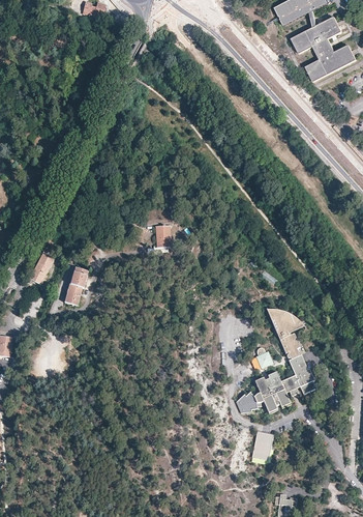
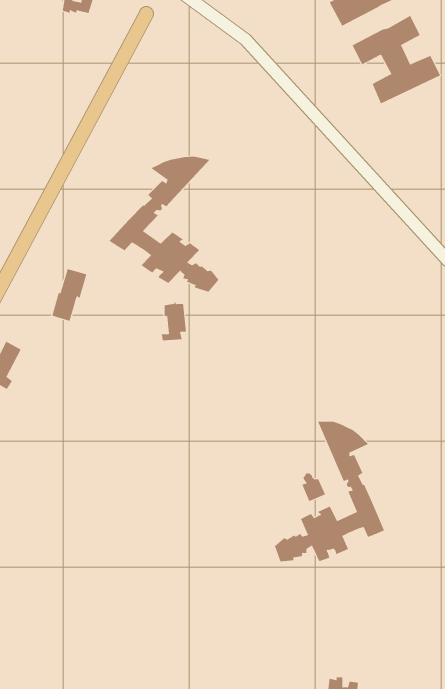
building: none -> [108,156,219,292]
building: [63,266,89,305] -> [51,268,87,321]
building: [251,430,273,459] -> none

